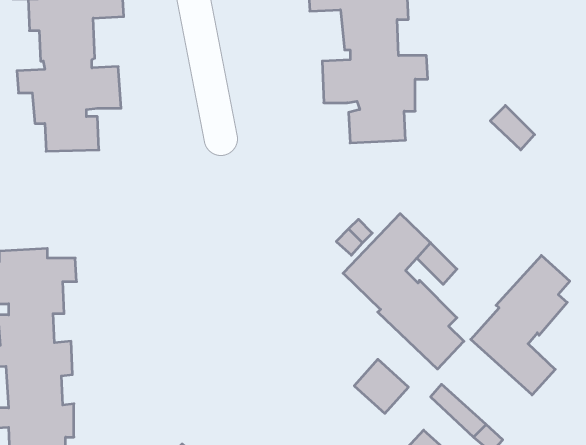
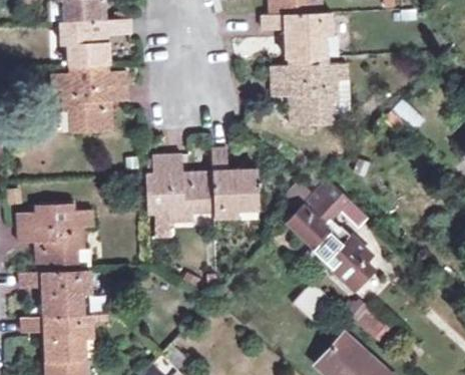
building: none -> [145,149,260,222]
building: [471,255,570,395] -> none

